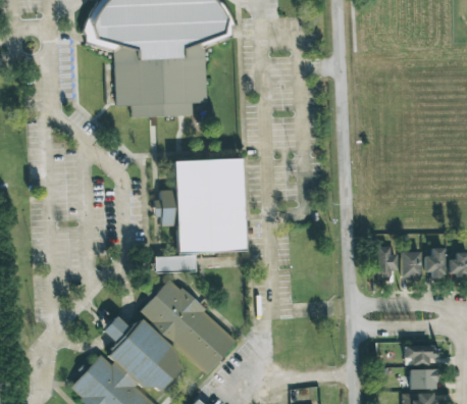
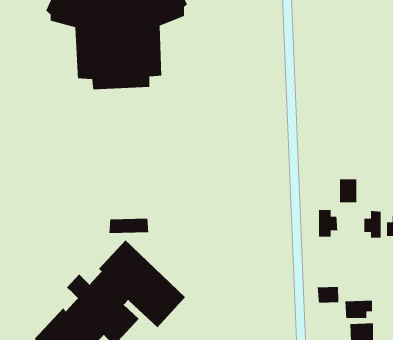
building: [156,155,245,251] -> none
building: [404,252,423,279] -> [339,179,357,203]
building: none -> [317,286,339,303]

